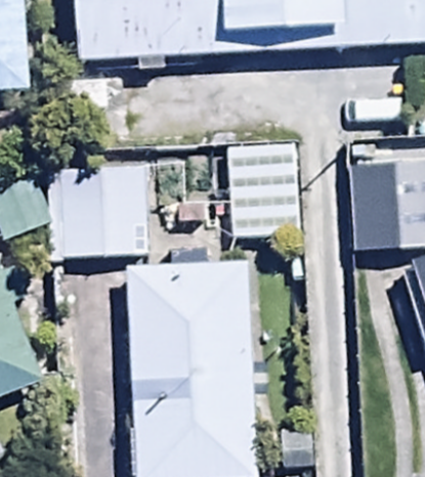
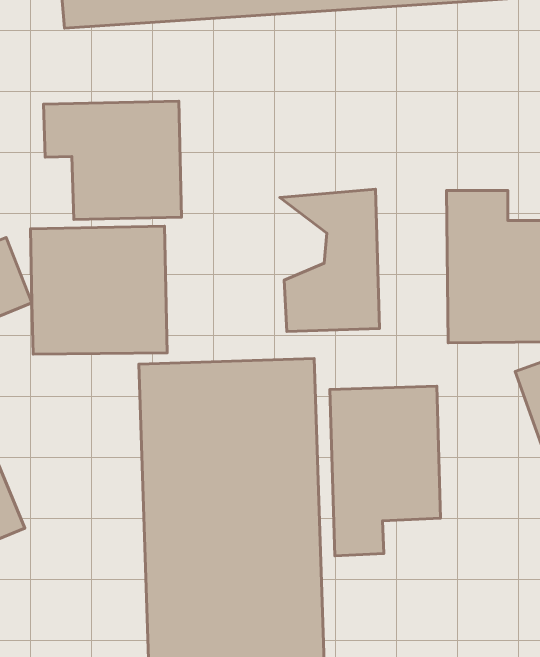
building: none -> [44,101,181,219]
building: none -> [330,386,441,556]

